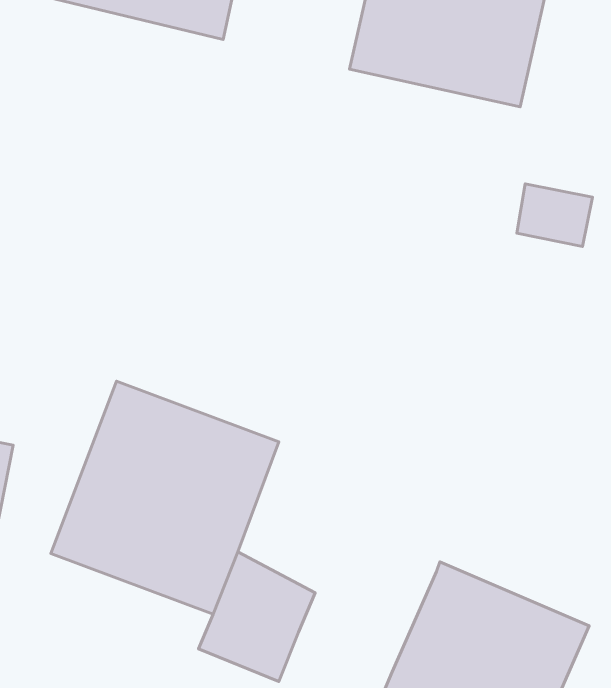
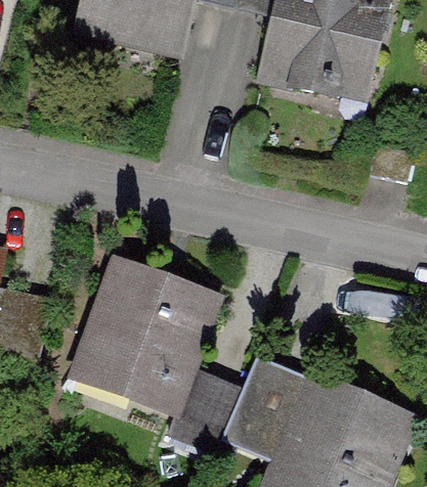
building: none -> [228,361,314,448]

